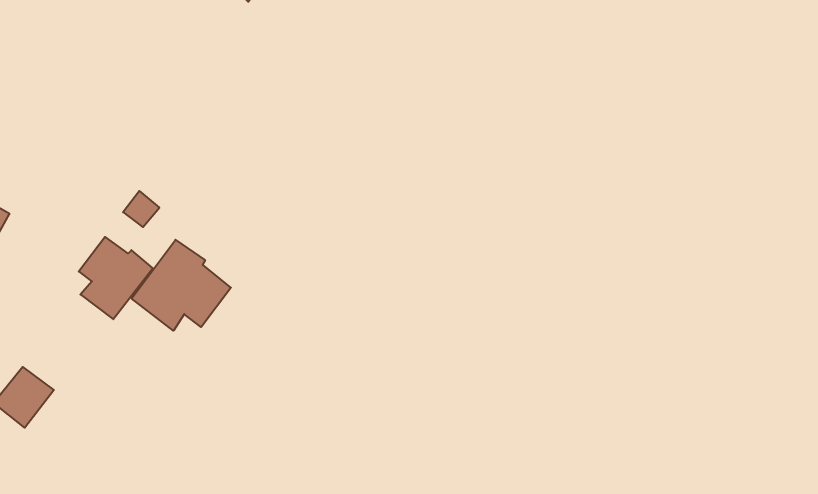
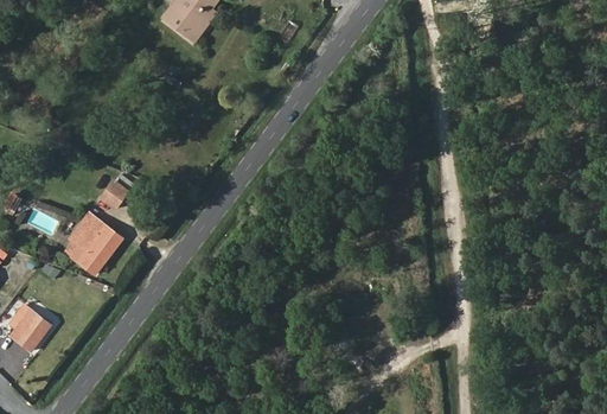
building: [132,240,231,331] -> none

